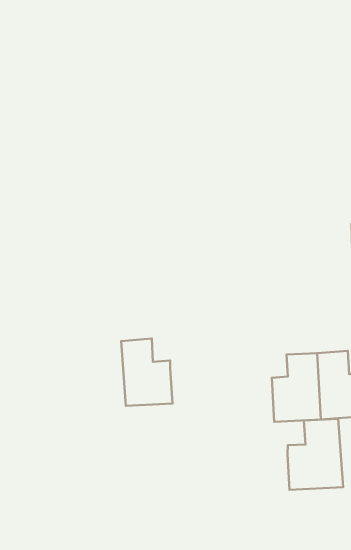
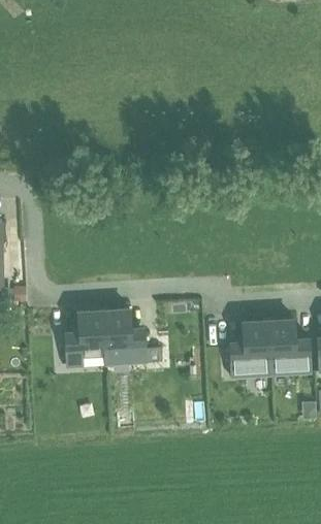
building: none -> [65,310,107,368]
building: [288,419,343,490] -> none

